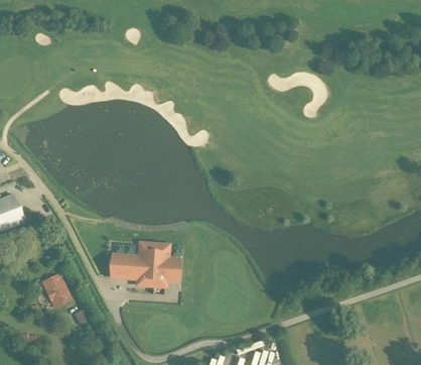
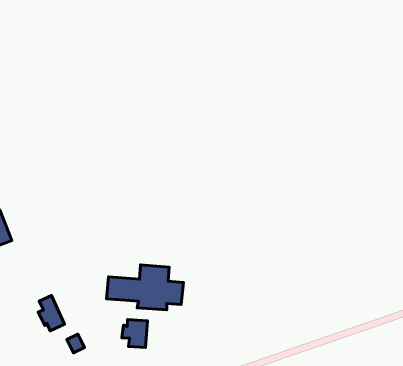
building: none -> [122,319,148,348]

